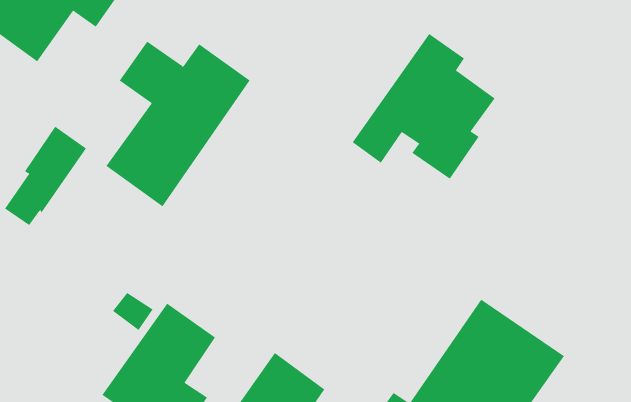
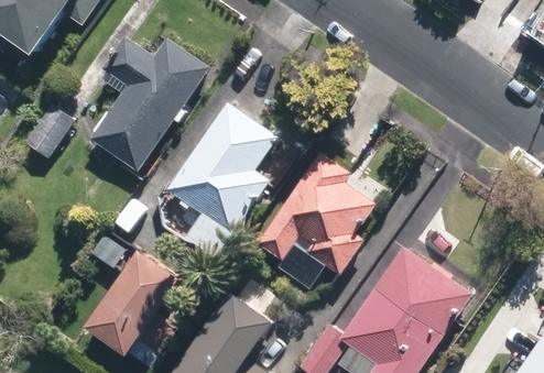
building: [352,33,496,180] -> [258,152,377,273]
building: none -> [166,101,280,259]

